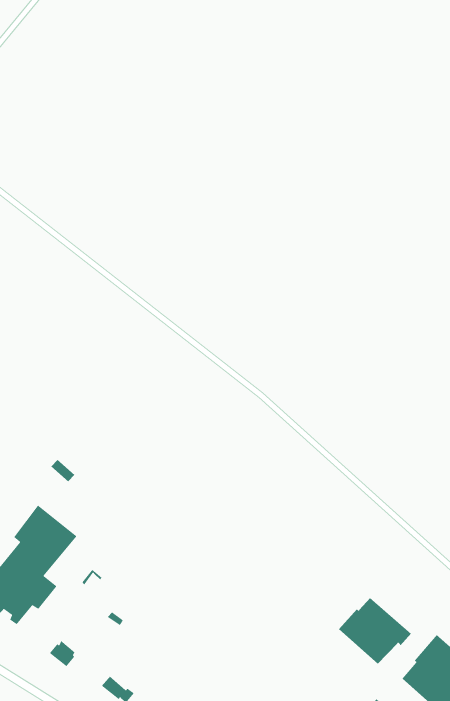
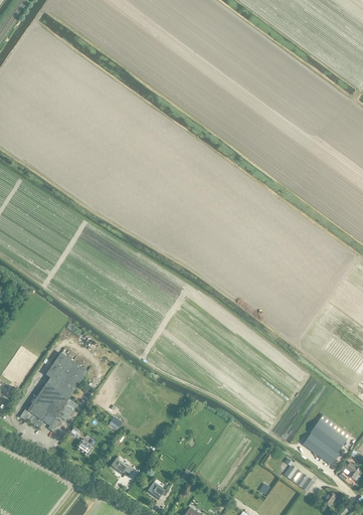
building: [338,597,412,664] -> none

